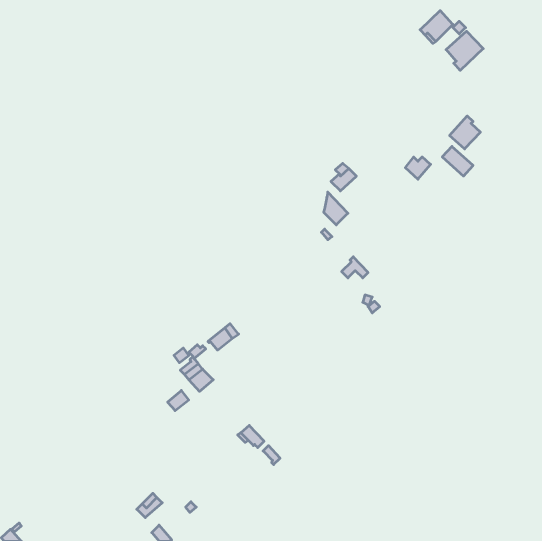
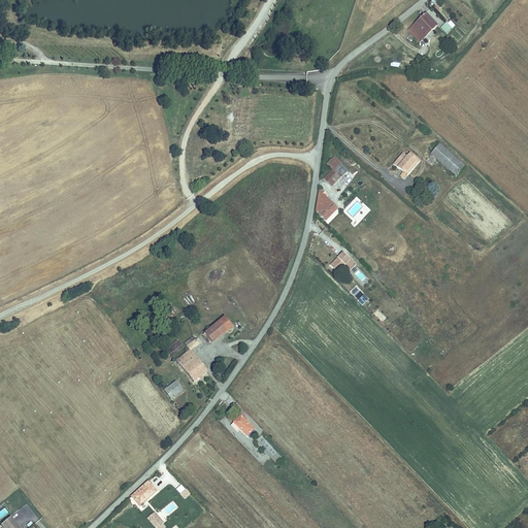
building: [446,31,483,70] -> none
building: [450,116,480,149] -> none

